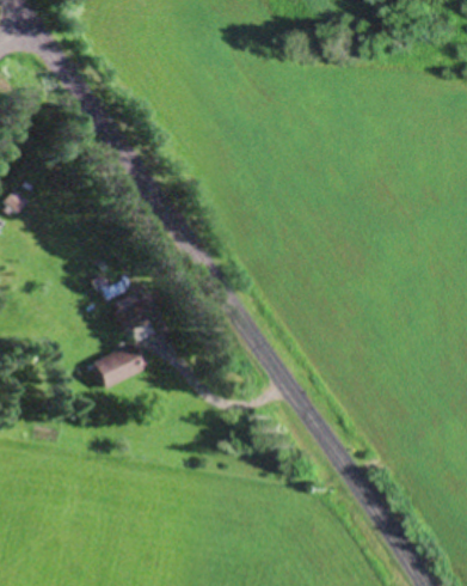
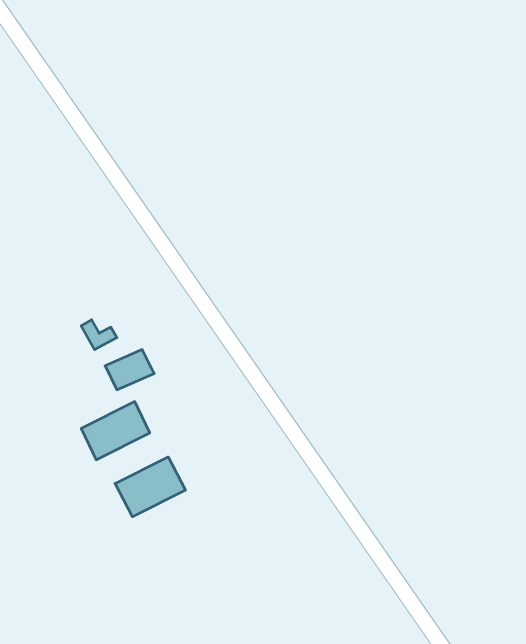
building: none -> [115,457,185,517]

